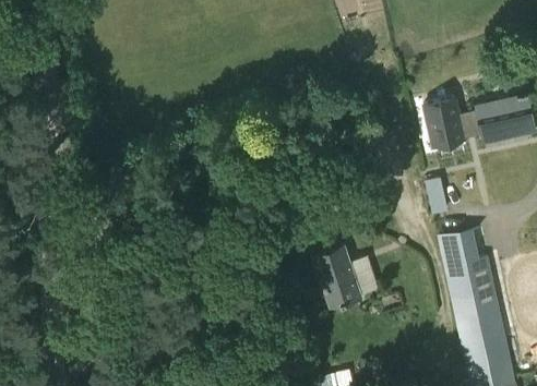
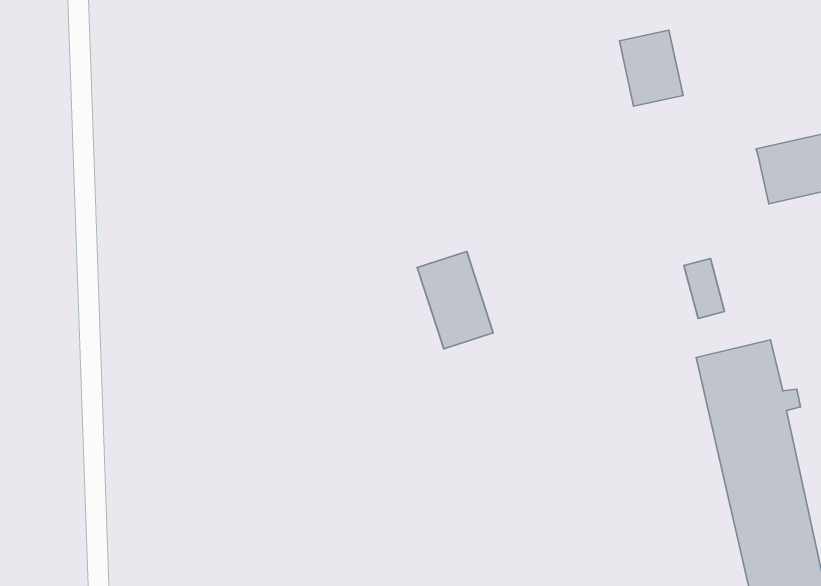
building: [423,101,463,148] -> [619,30,683,106]
building: [313,249,360,309] -> [417,252,493,349]

